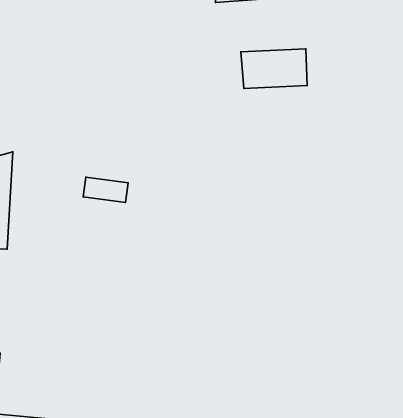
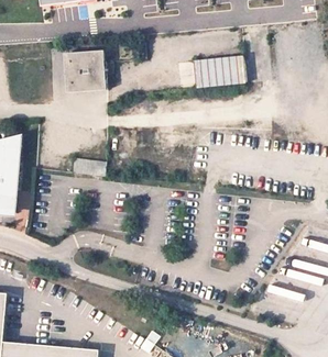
building: none -> [64,49,107,91]

